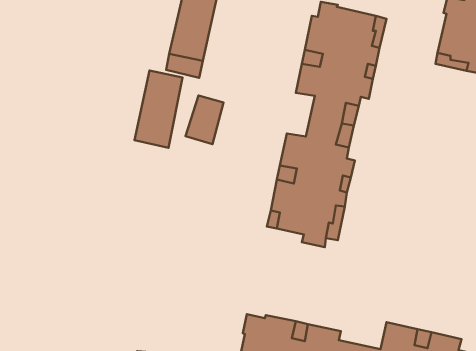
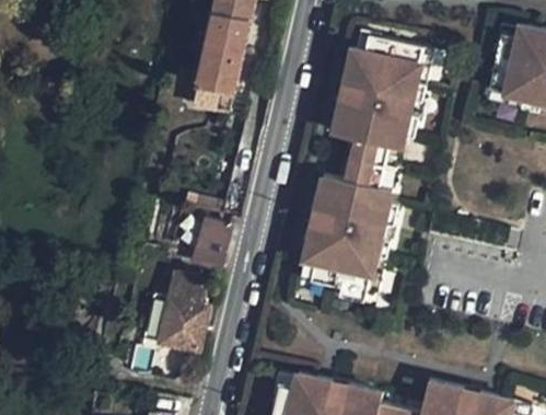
building: [135,70,182,148] -> none
building: [185,95,223,144] -> [189,219,231,273]
building: none -> [156,272,207,354]

